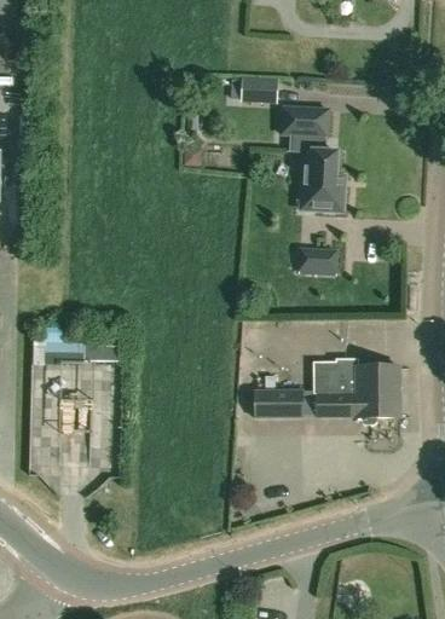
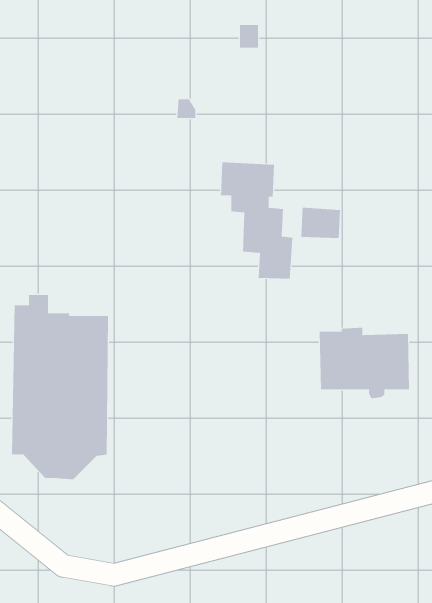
building: [278,105,346,214] -> [220,162,293,279]
building: [252,388,302,417] -> none

